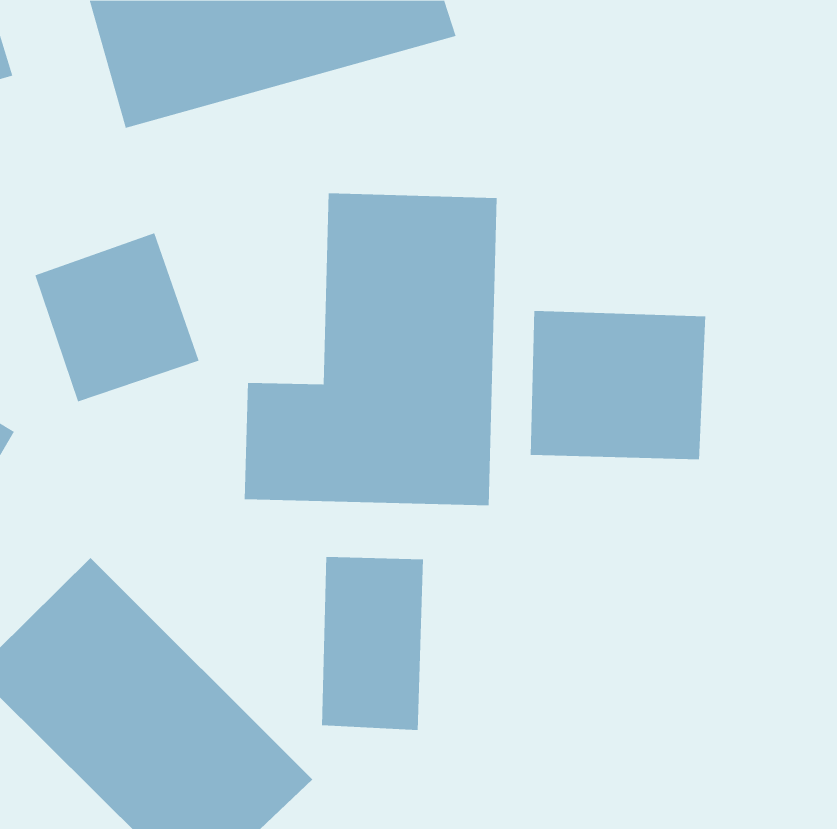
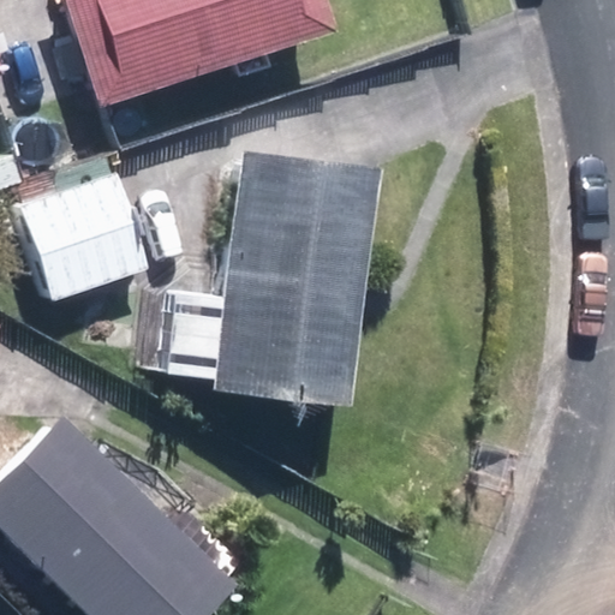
building: [530,310,706,460] -> none
building: [321,556,424,731] -> none

